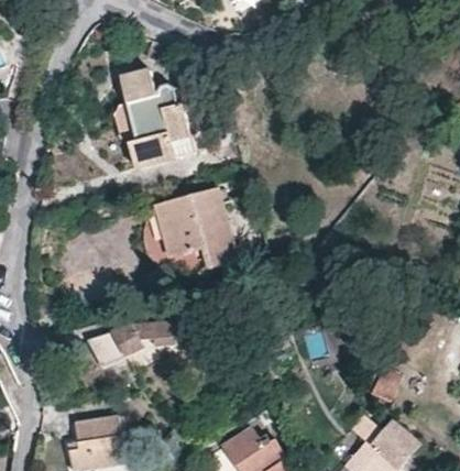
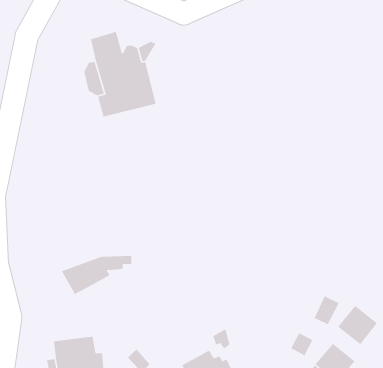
building: [154,189,237,267] -> none
building: none -> [337,305,378,345]

